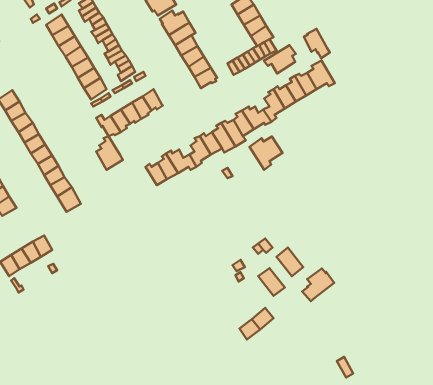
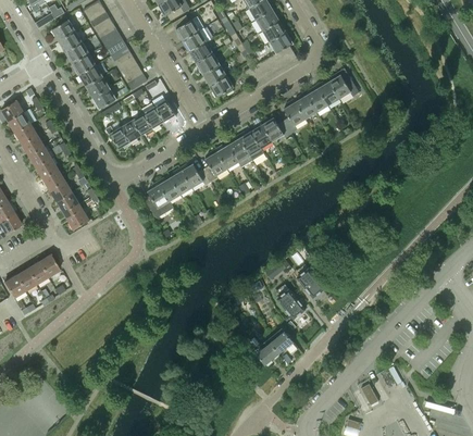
building: [304,29,330,58] -> none
building: [264,45,296,73] -> none
building: [96,136,123,170] -> [145,182,173,217]
building: [250,137,283,170] -> none
building: [302,268,334,301] -> none

